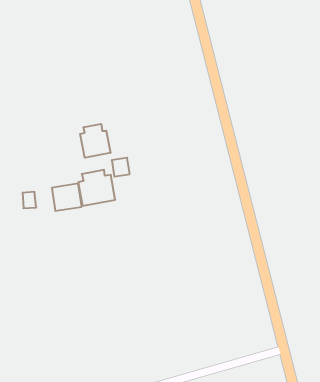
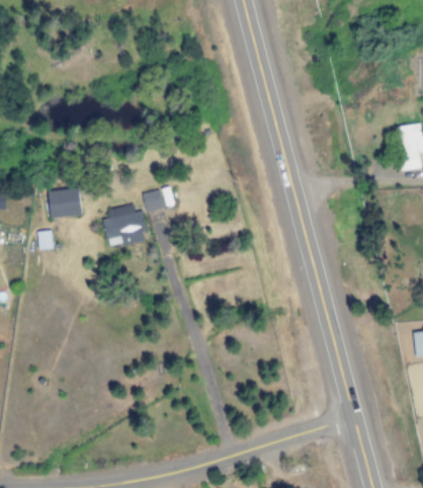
building: [80,124,110,158] -> none
building: [52,184,82,211] -> [47,186,82,219]

